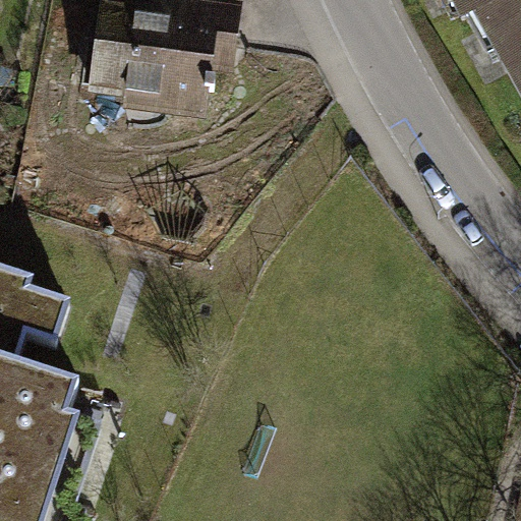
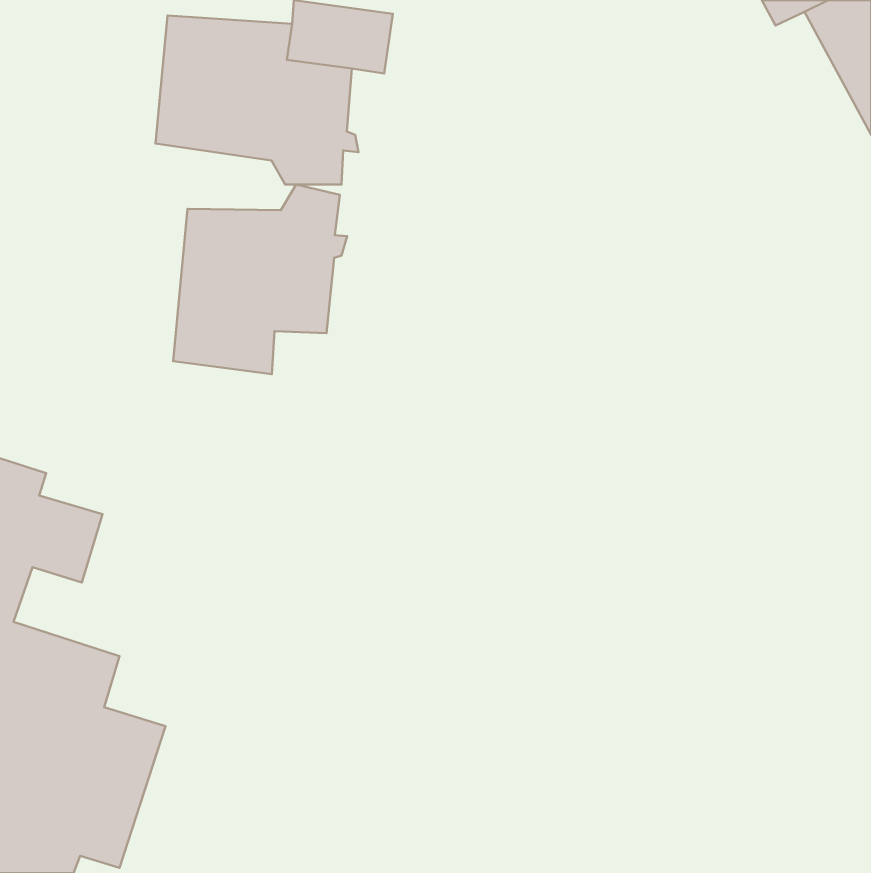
building: none -> [173,185,347,374]

